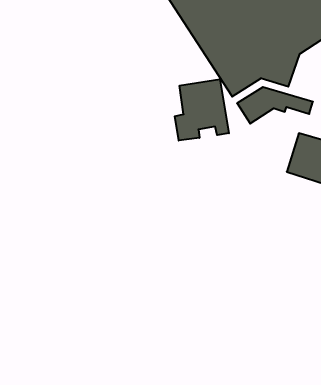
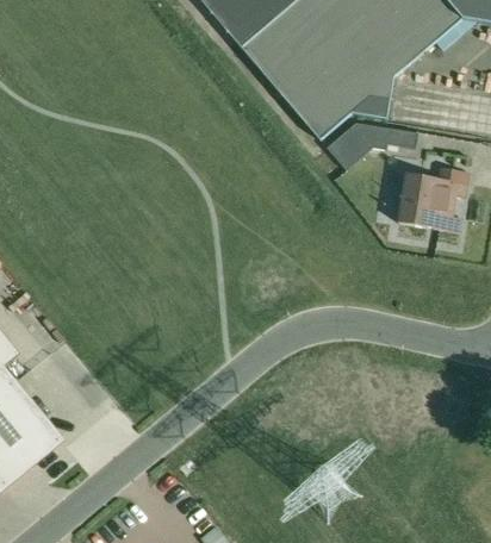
building: [175,79,229,141] -> none

